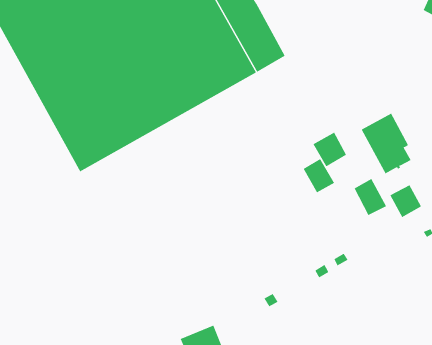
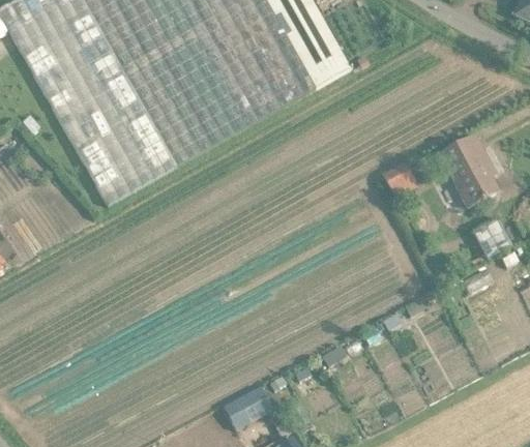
building: [303,158,335,193] -> none
building: [354,178,387,216] -> none

